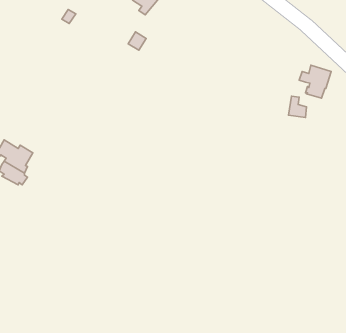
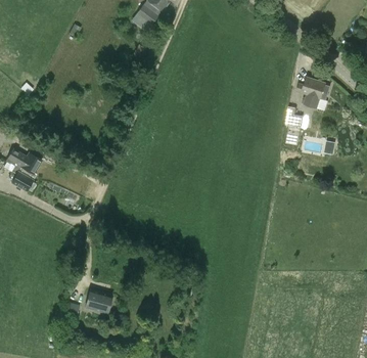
building: none -> [85,289,112,314]

